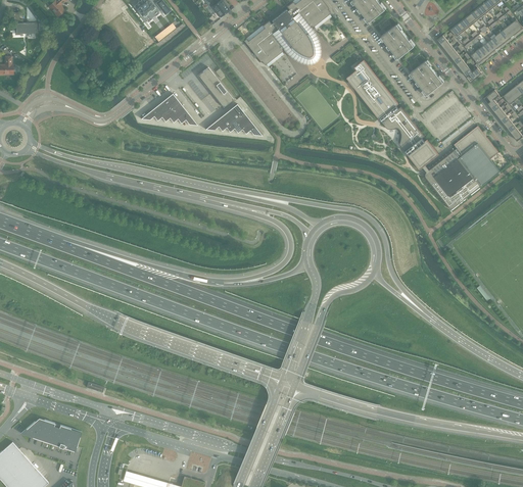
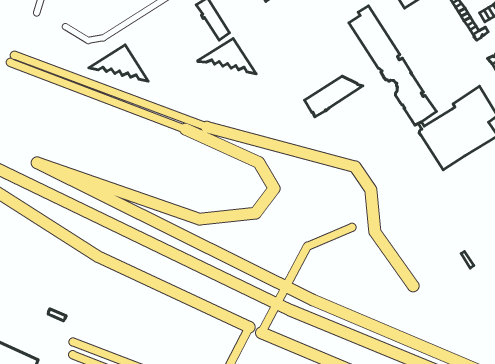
building: [410,61,442,95] -> none
building: [139,93,197,126] -> [89,45,148,81]
building: none -> [305,76,363,117]

